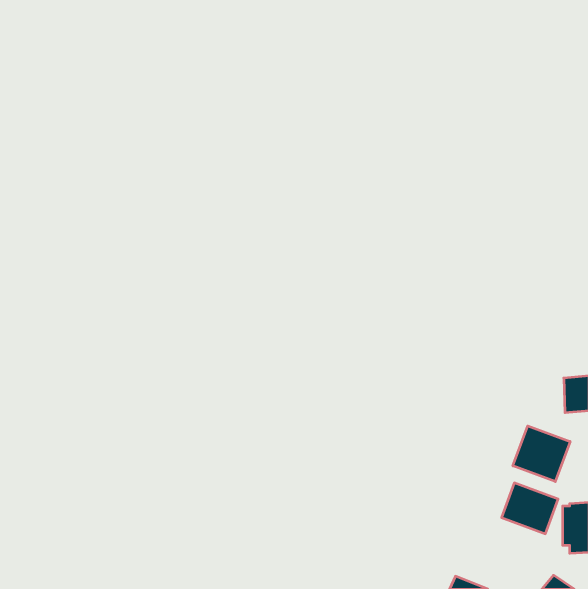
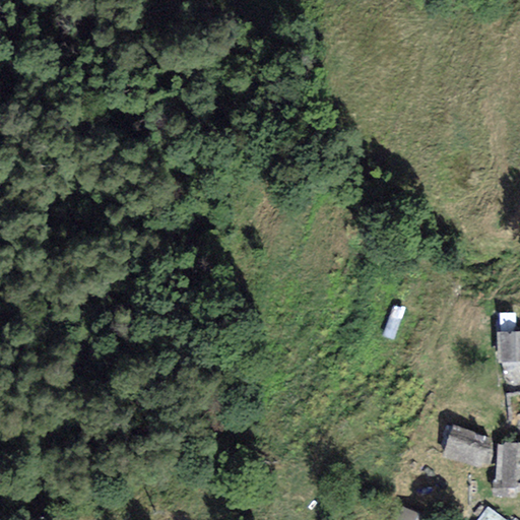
building: [513,426,570,482] -> none

